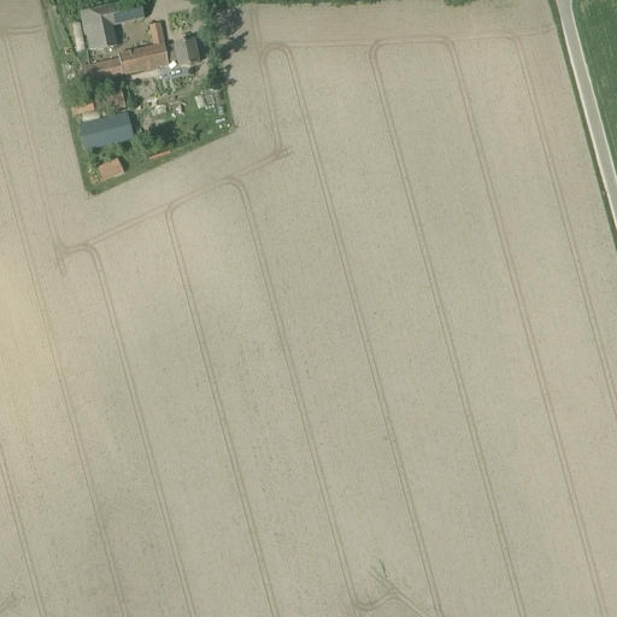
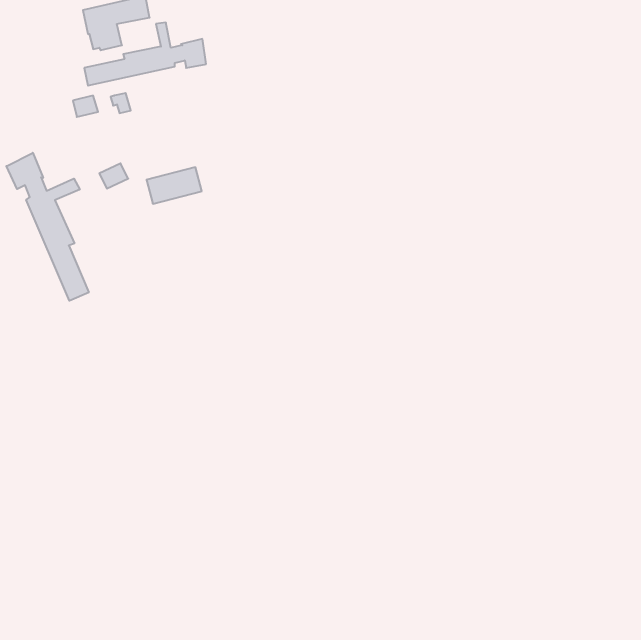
building: [80,112,133,147] -> [146,167,202,204]
building: none -> [6,153,89,301]

